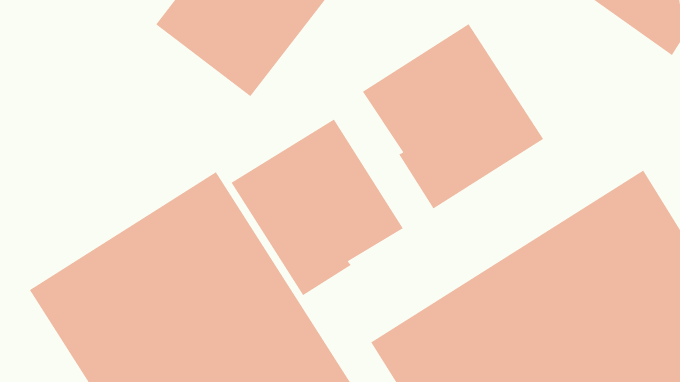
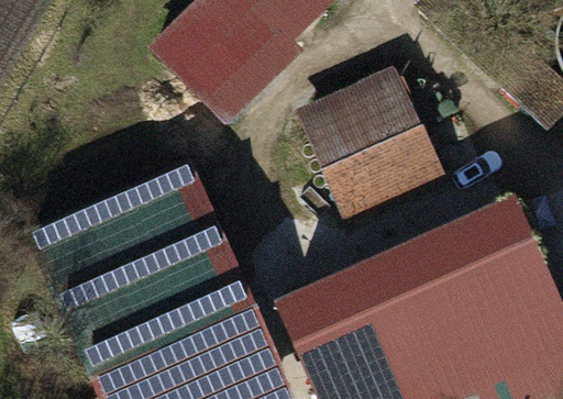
building: [231,119,404,296] -> none

